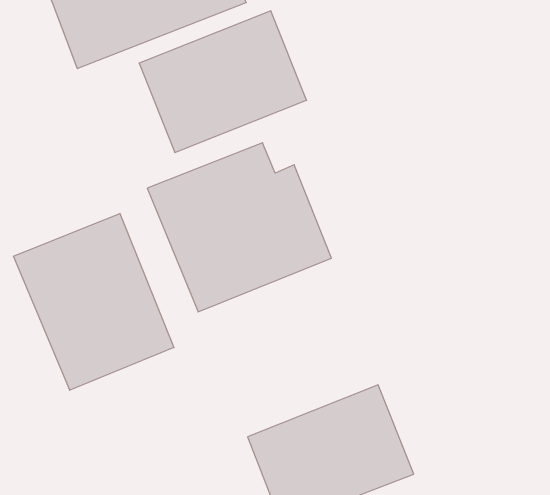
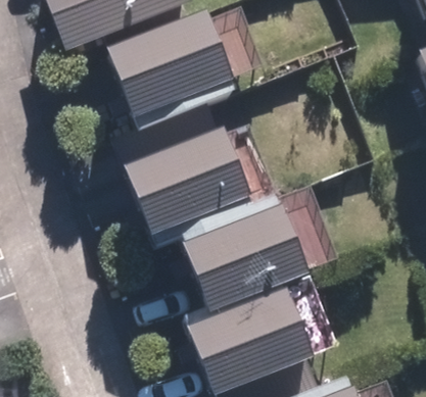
building: [14,213,174,390] -> none
building: none -> [188,201,312,308]

